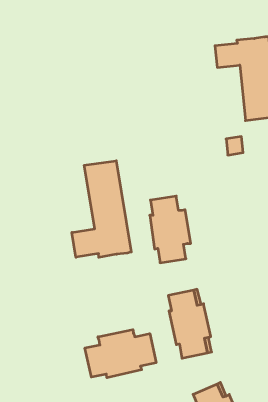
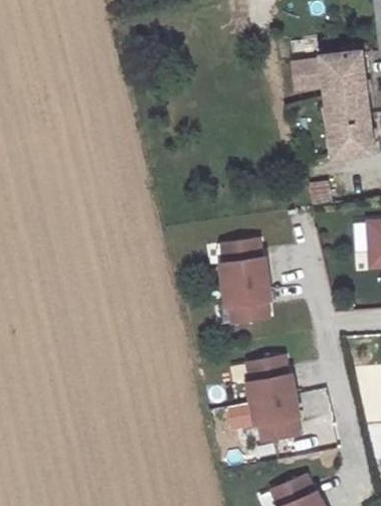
building: [72,161,131,257] -> none
building: [85,330,156,378] -> none

